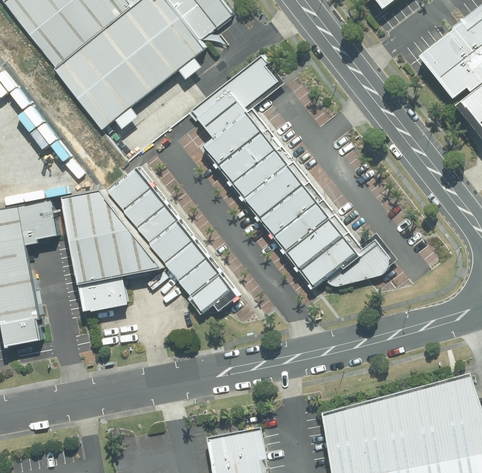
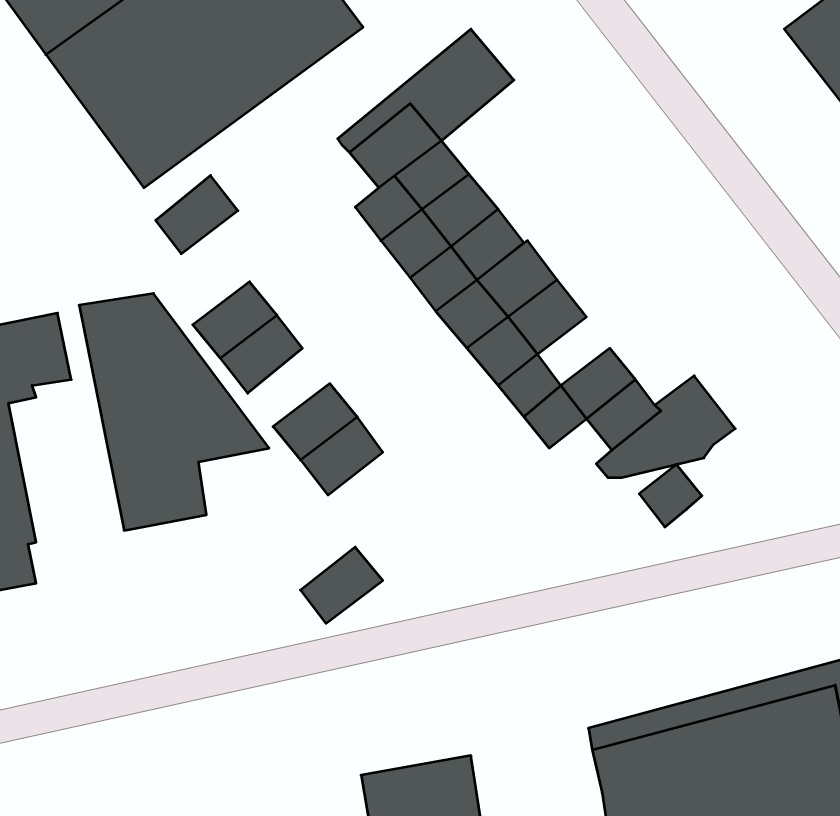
building: [107,167,149,207] -> [156,175,238,254]
building: [296,203,333,238] -> none
building: [148,219,190,259] -> none
building: [302,255,334,287] -> [639,464,702,527]
building: [189,272,231,311] -> [300,547,383,623]

